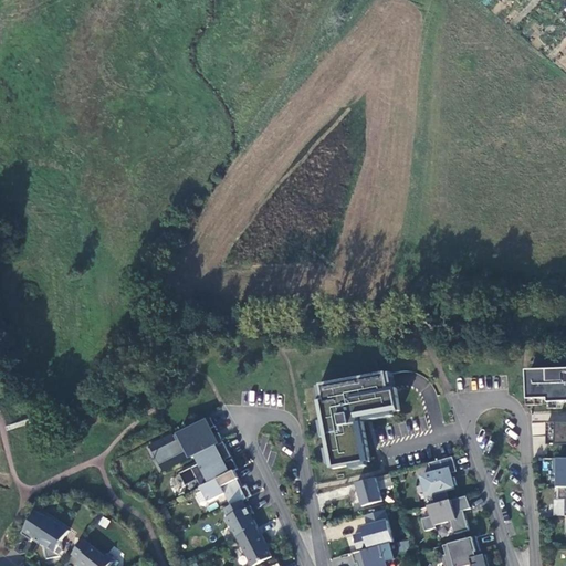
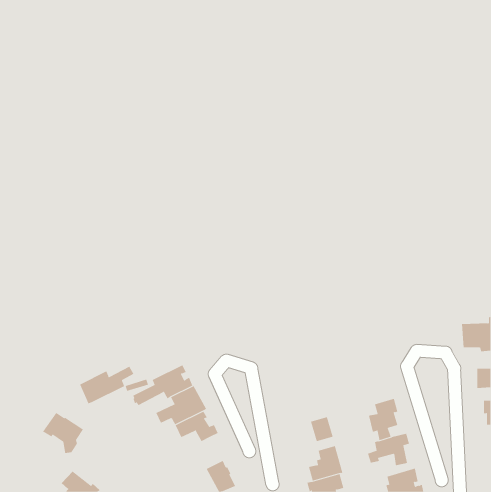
building: [312,368,400,470] -> none
building: none -> [80,366,134,404]
building: [223,500,255,536] -> none
building: [20,510,67,557] -> [42,412,84,454]

